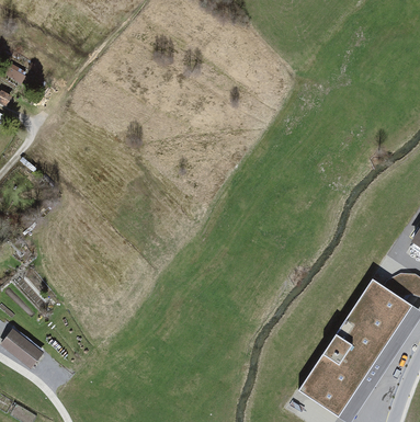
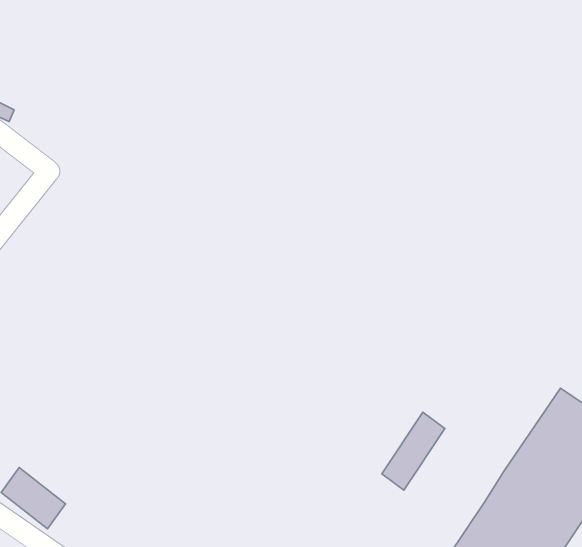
building: none -> [382,412,445,490]

